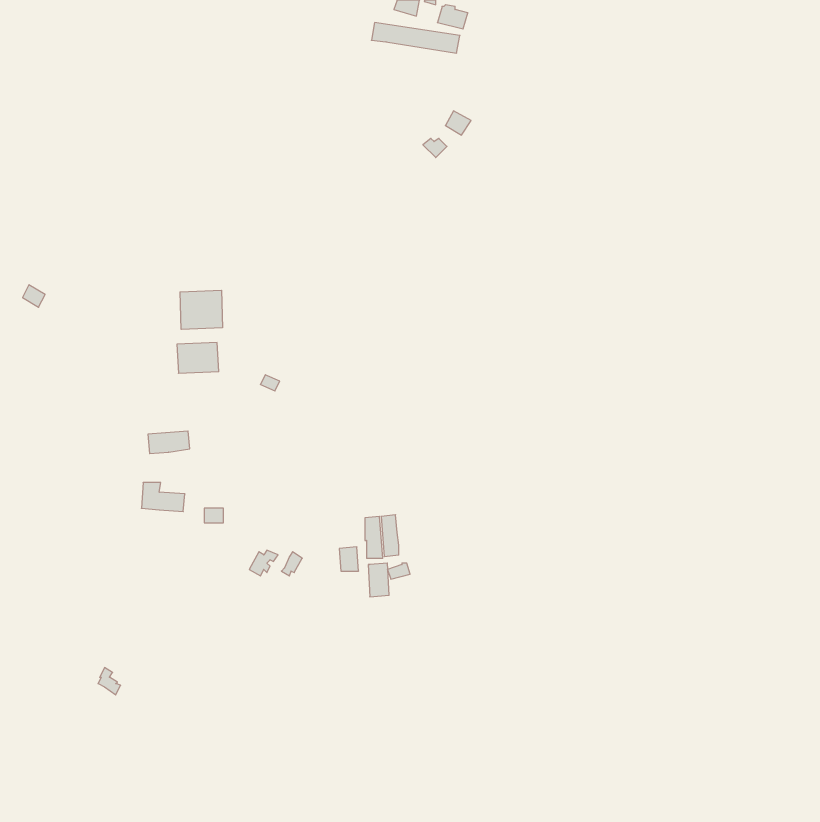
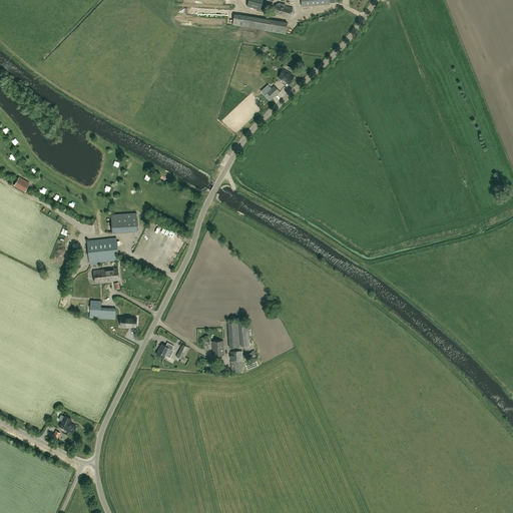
building: [180,290,222,329] -> none
building: none -> [86,237,117,264]

